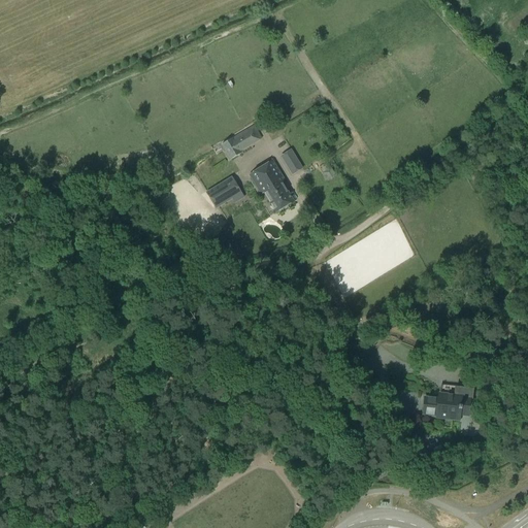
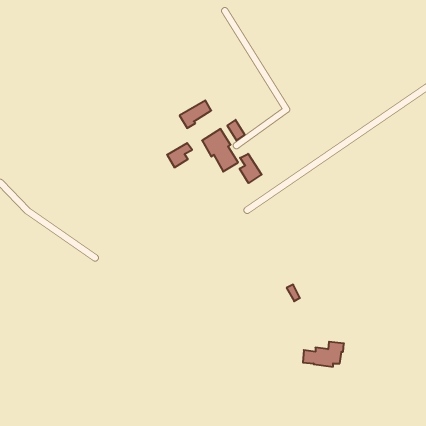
building: none -> [240,154,262,183]
building: [424,386,474,417] -> [303,342,344,367]

